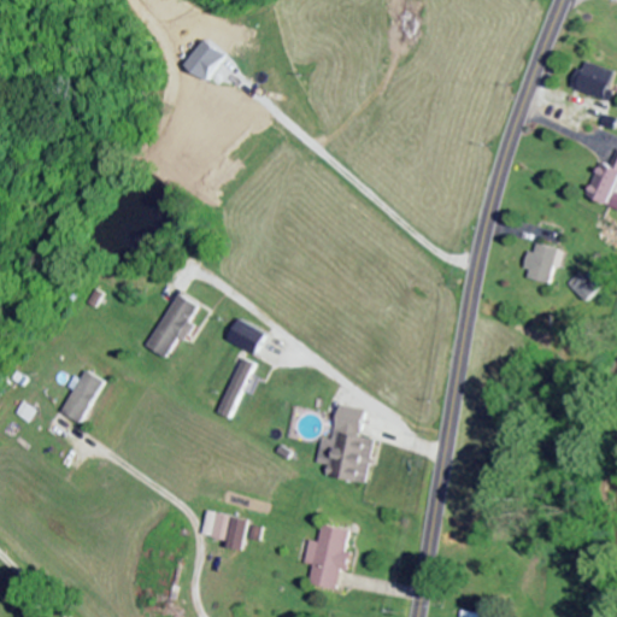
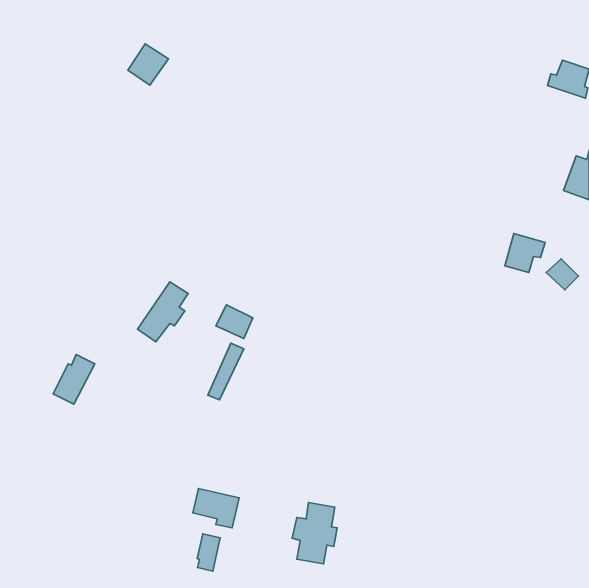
building: [182,40,224,83] -> [128,44,168,85]
building: [317,404,375,483] -> none
building: none -> [197,534,220,571]

